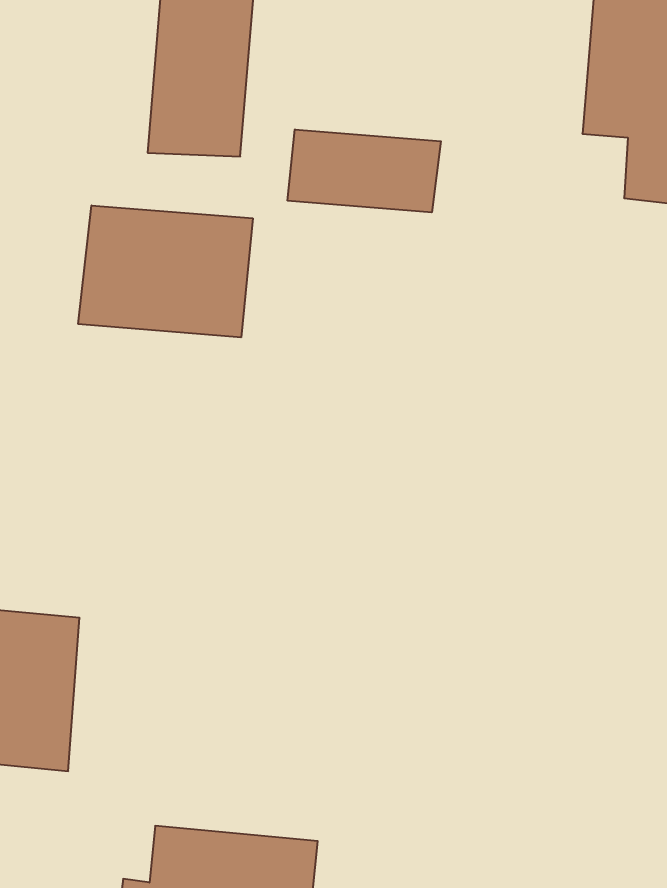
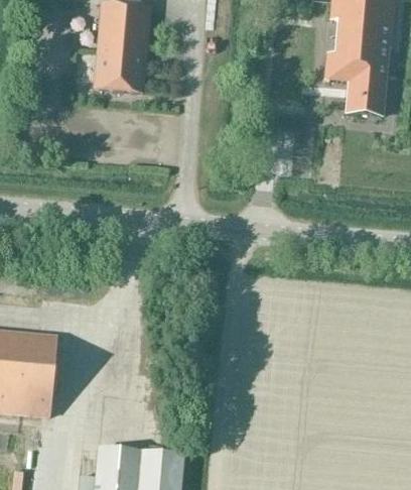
building: [288,129,441,212] -> none
building: [78,205,253,337] -> none

